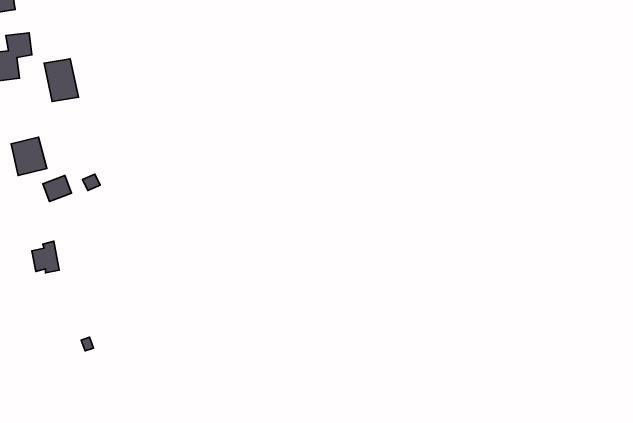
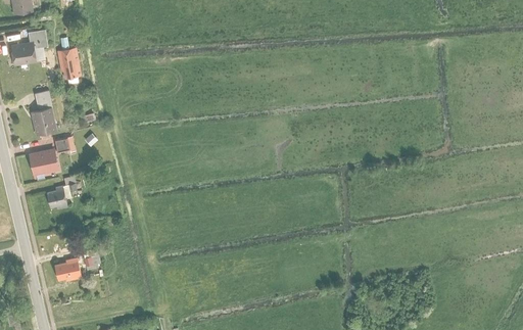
building: none -> [28,146,59,175]
building: none -> [54,256,81,280]

